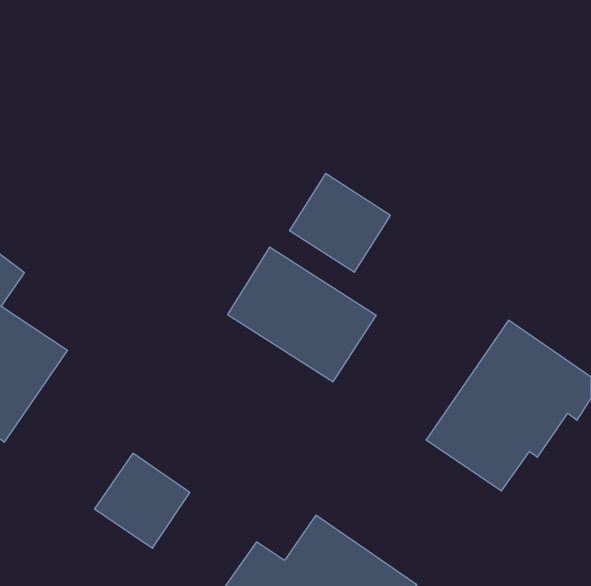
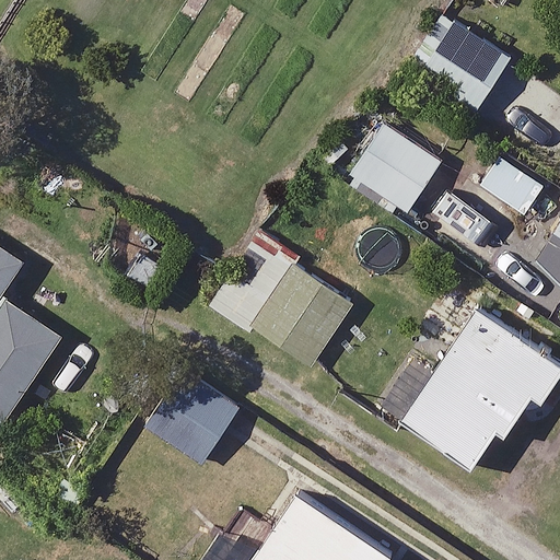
building: none -> [411,16,511,114]
building: [289,174,390,272] -> [347,121,442,214]
building: [95,453,190,548] -> [148,374,237,464]

